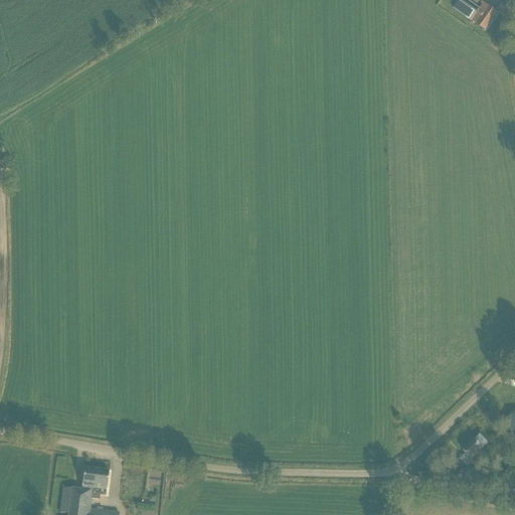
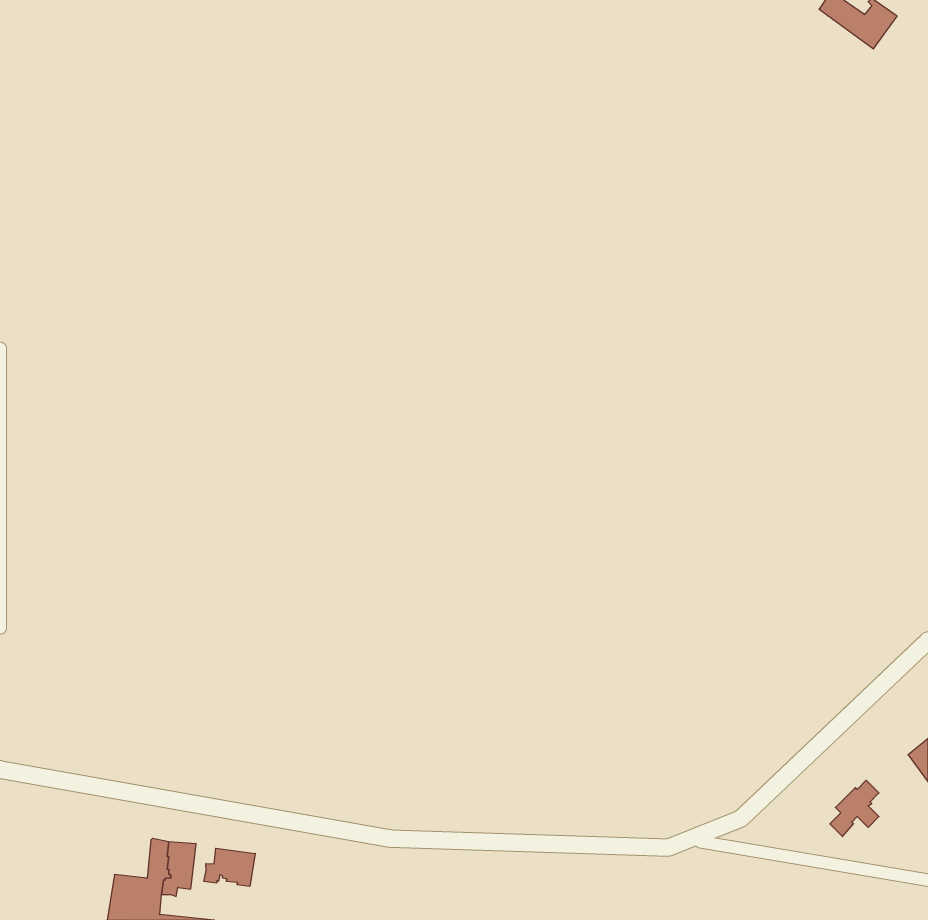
building: none -> [204,848,255,886]

